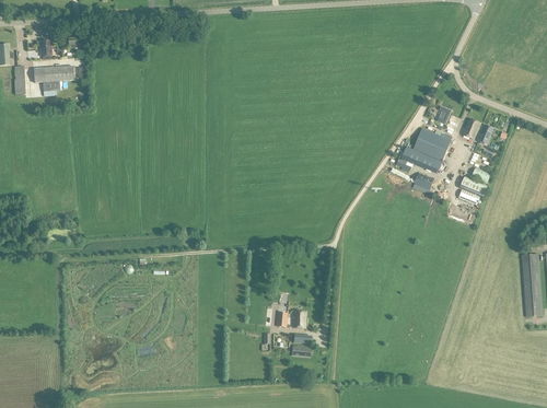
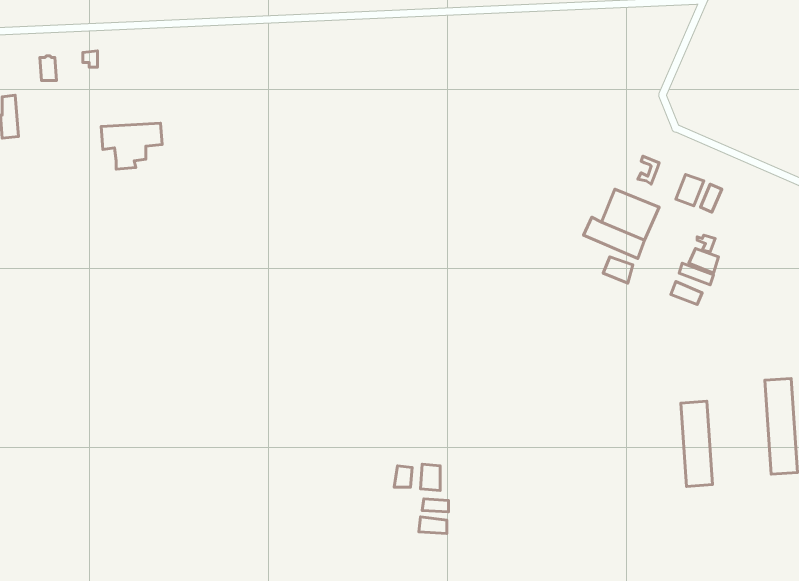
building: [33,65,73,95] -> [101,123,162,169]
building: none -> [681,401,713,486]

